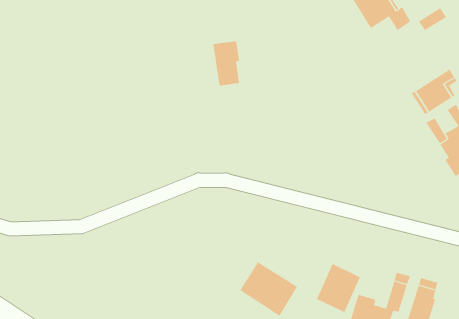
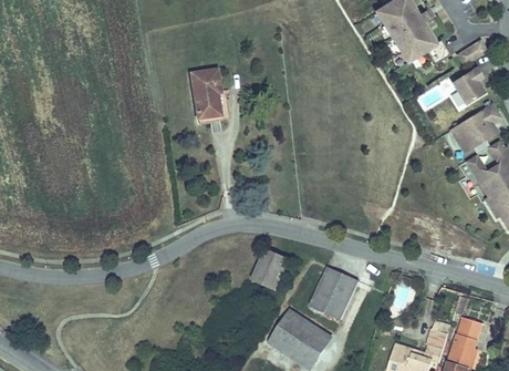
building: none -> [453,69,484,104]
building: [212,41,240,86] -> [193,69,221,116]
building: none -> [250,243,289,287]
building: [316,263,361,313] -> [311,261,357,313]

